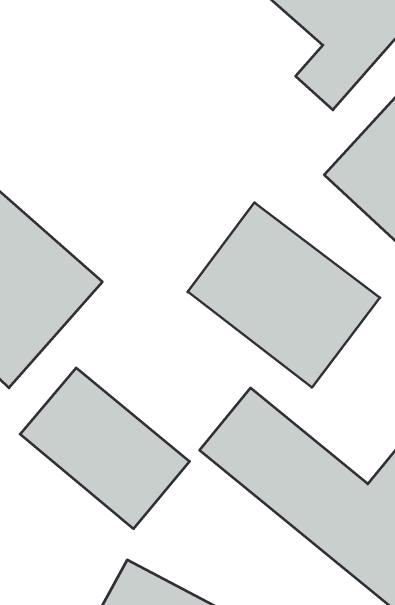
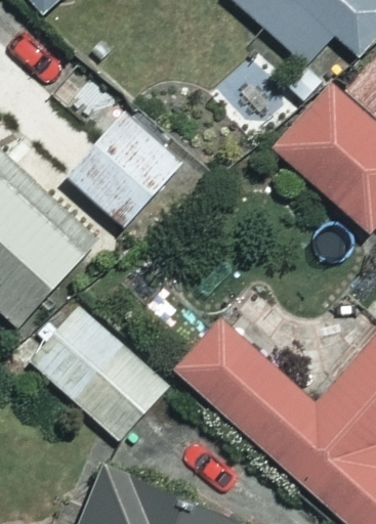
building: none -> [69,113,179,224]
building: [188,203,380,387] -> none

